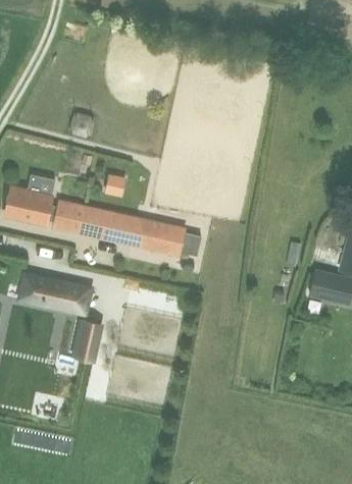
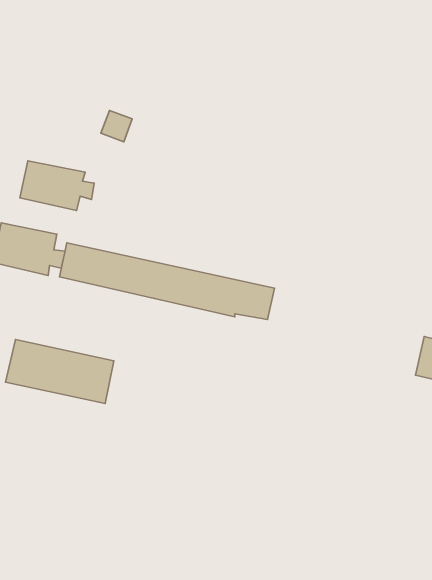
building: none -> [20,161,94,211]
building: [73,319,99,357] -> none

